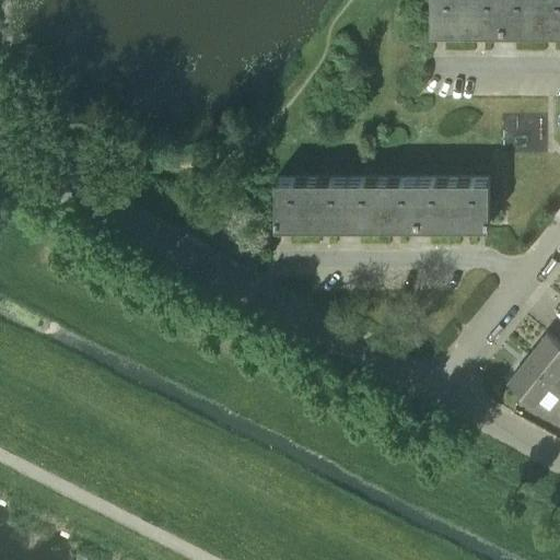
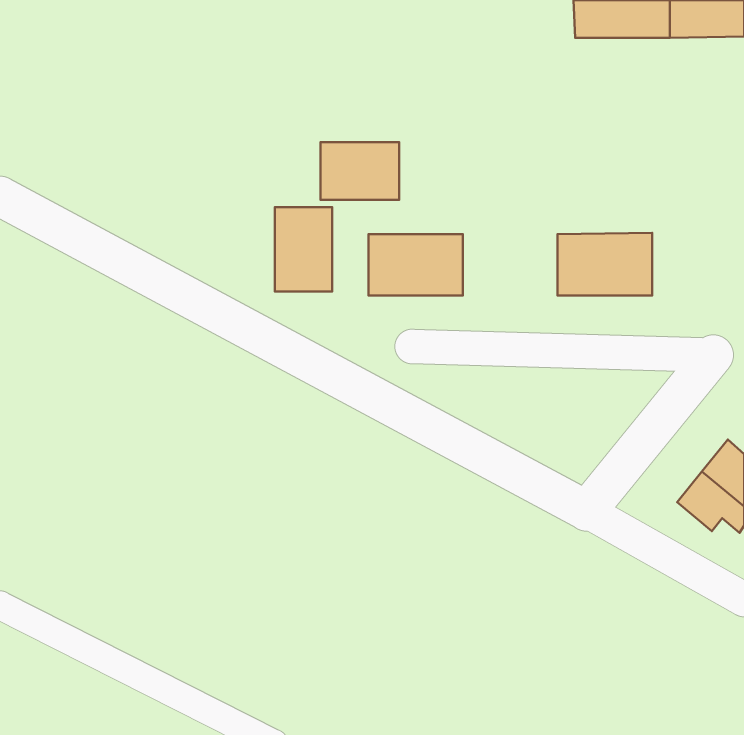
building: none -> [321,142,399,200]
building: none -> [275,207,332,292]
building: [348,183,419,229] -> none

